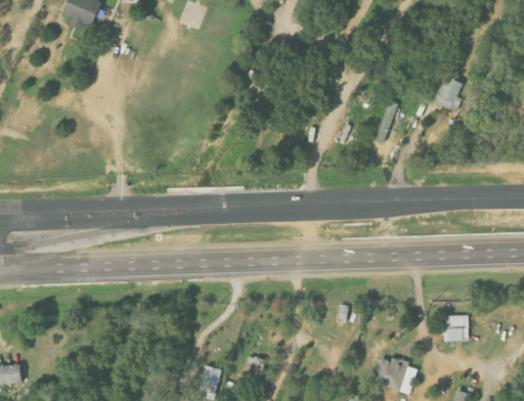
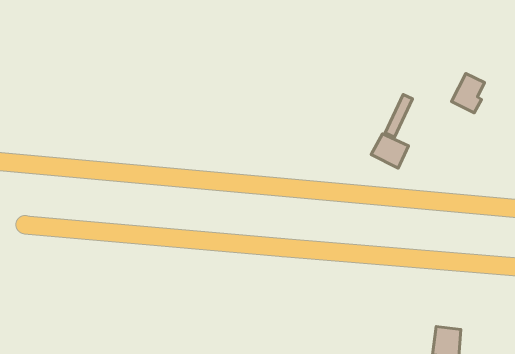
building: none -> [371,134,409,168]

